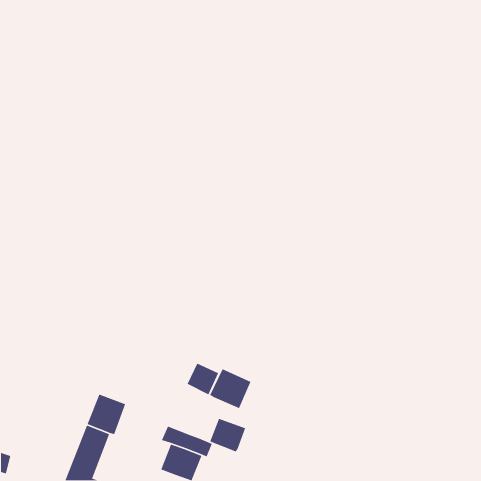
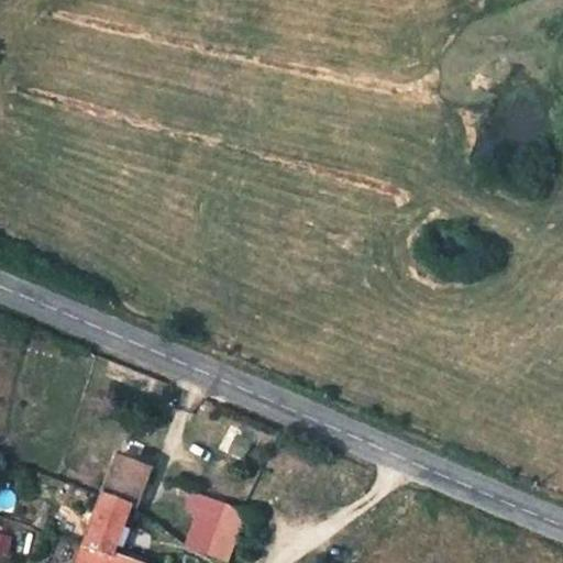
building: [209,368,252,409] -> none
building: [209,418,246,453] -> none

